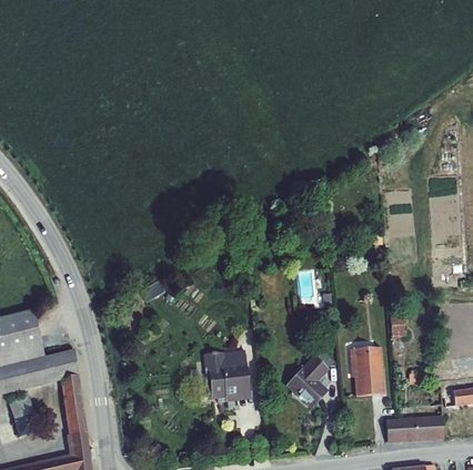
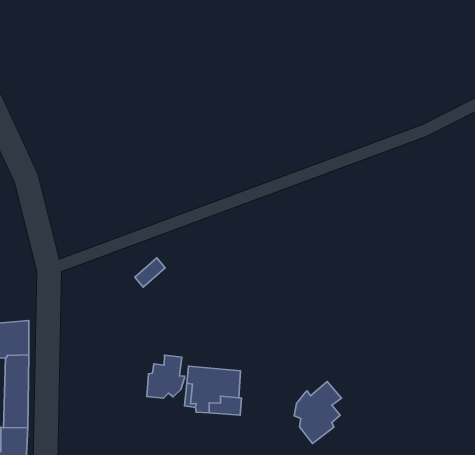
building: [350,345,384,394] -> none
building: none -> [147,355,184,398]

